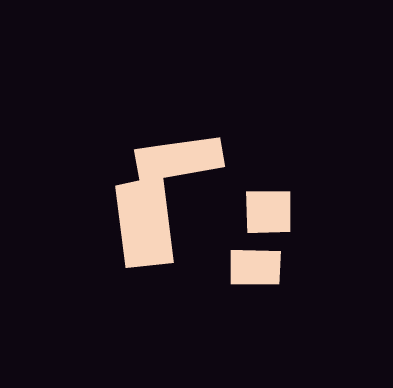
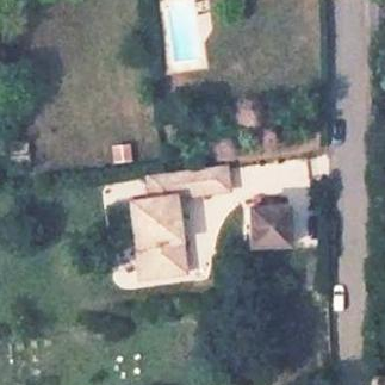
building: [230,249,282,285] -> none

